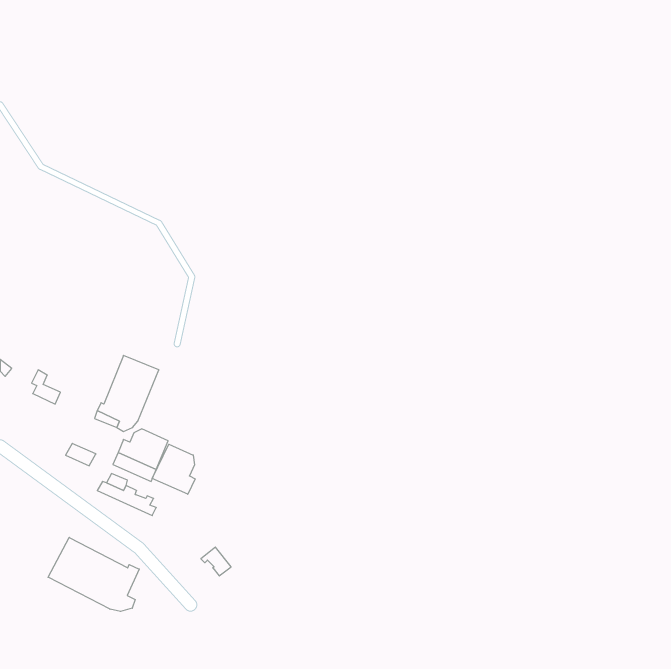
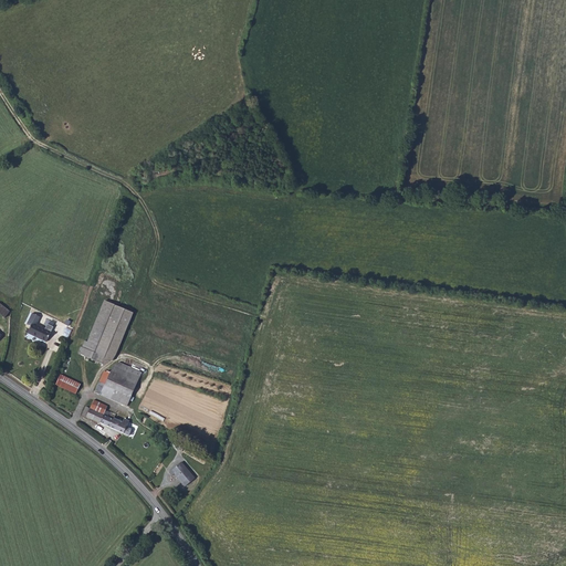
building: [152,444,195,494] -> none
building: [48,537,139,611] -> none

